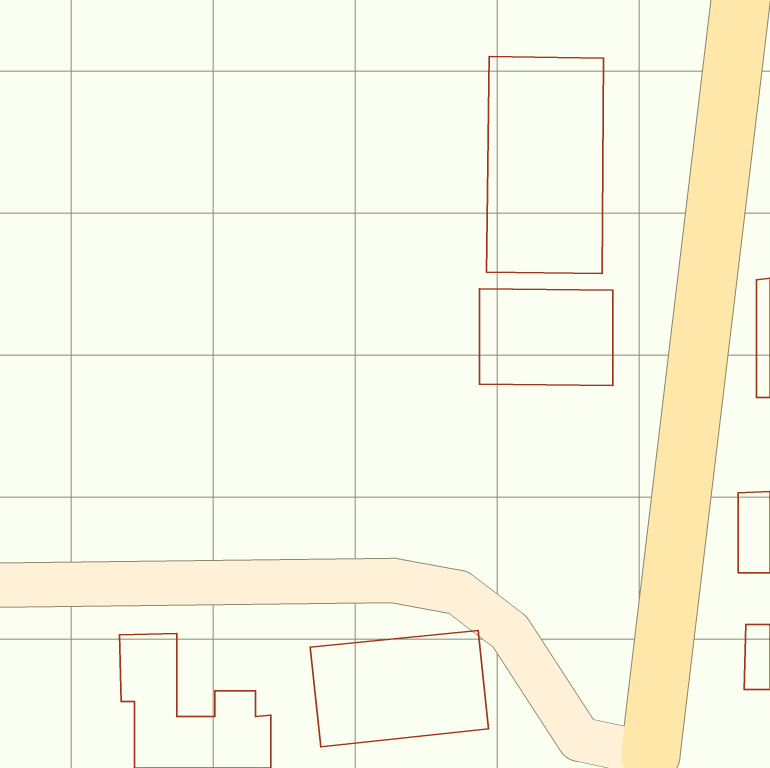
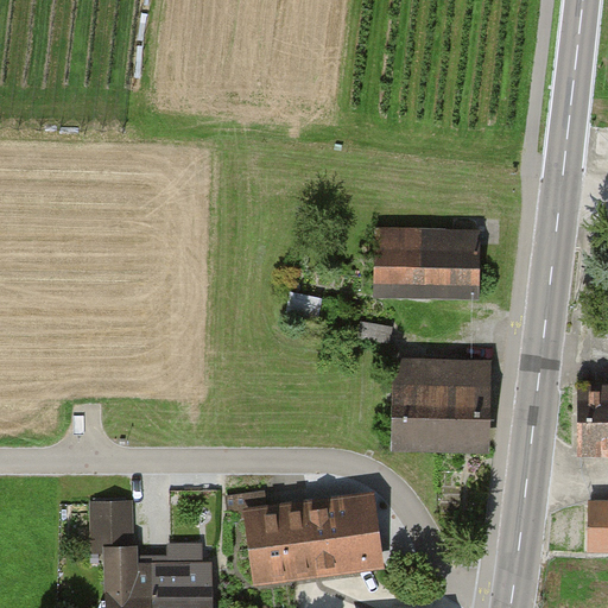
building: [486,57,603,274] -> none
building: none -> [393,360,492,452]

